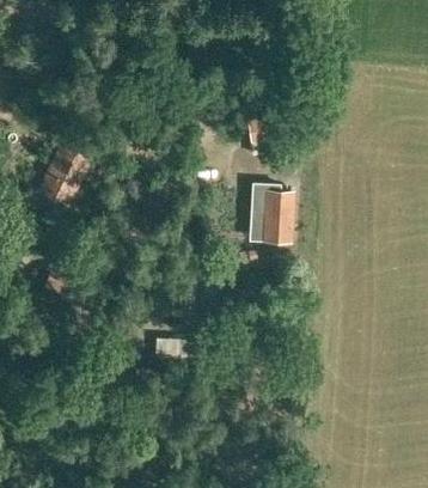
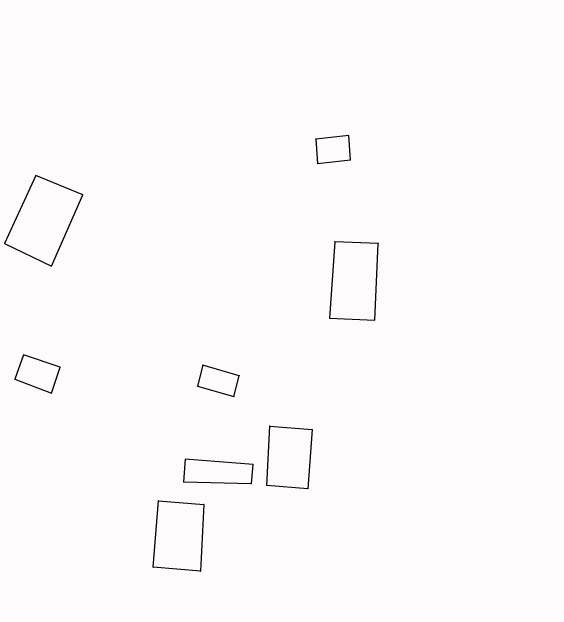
building: none -> [267,426,312,489]
building: none -> [153,501,204,571]

